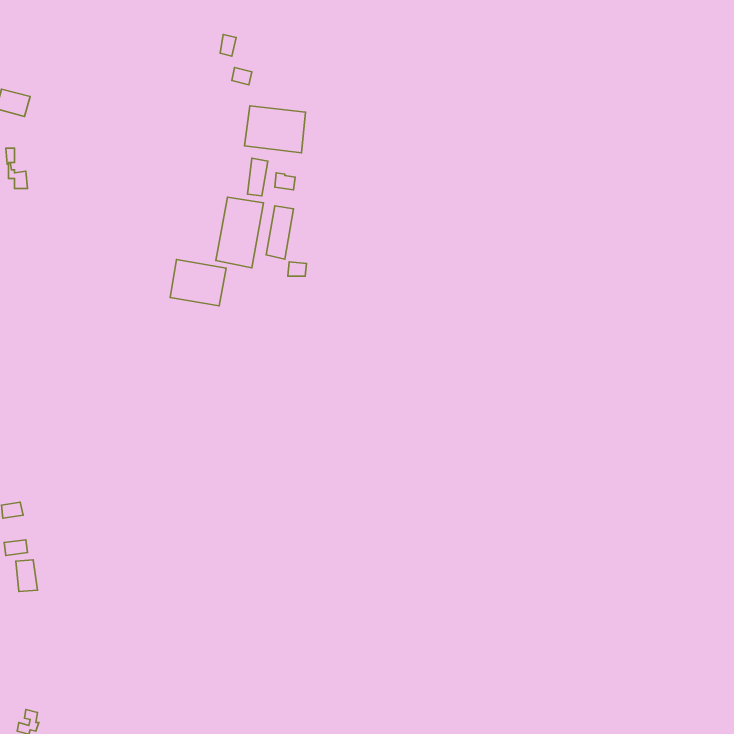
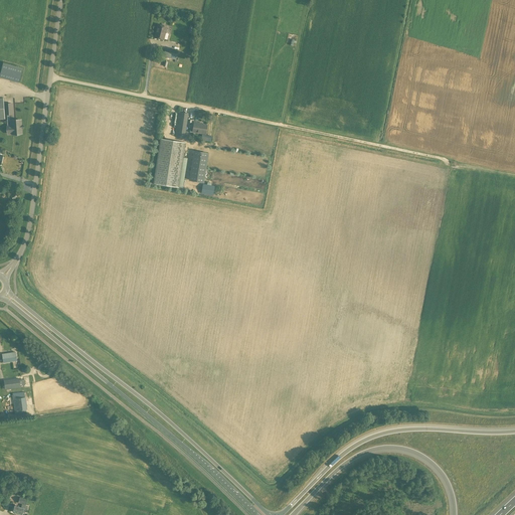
building: [244,106,306,153] -> none
building: [170,259,226,306] -> none

